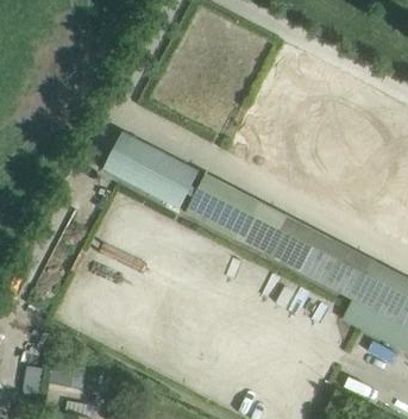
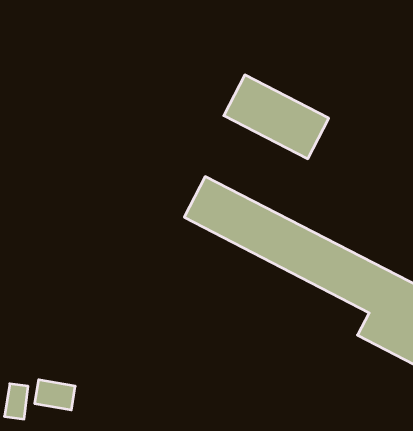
building: [103,132,199,208] -> [224,75,329,159]

